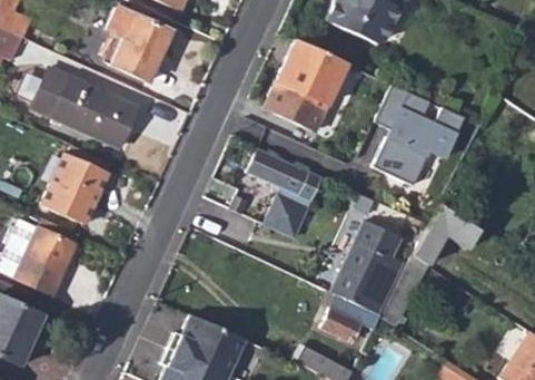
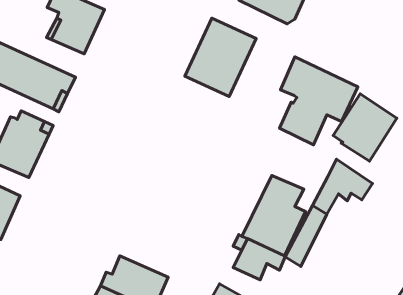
building: none -> [333,94,397,161]
building: [246,147,324,237] -> none

